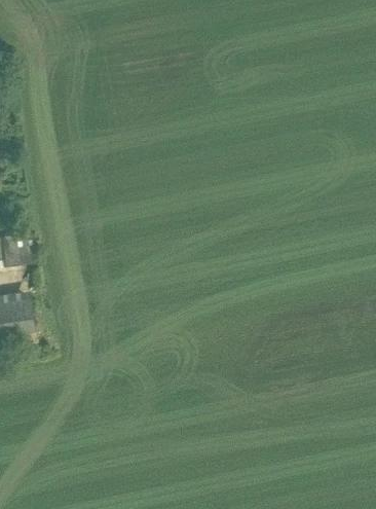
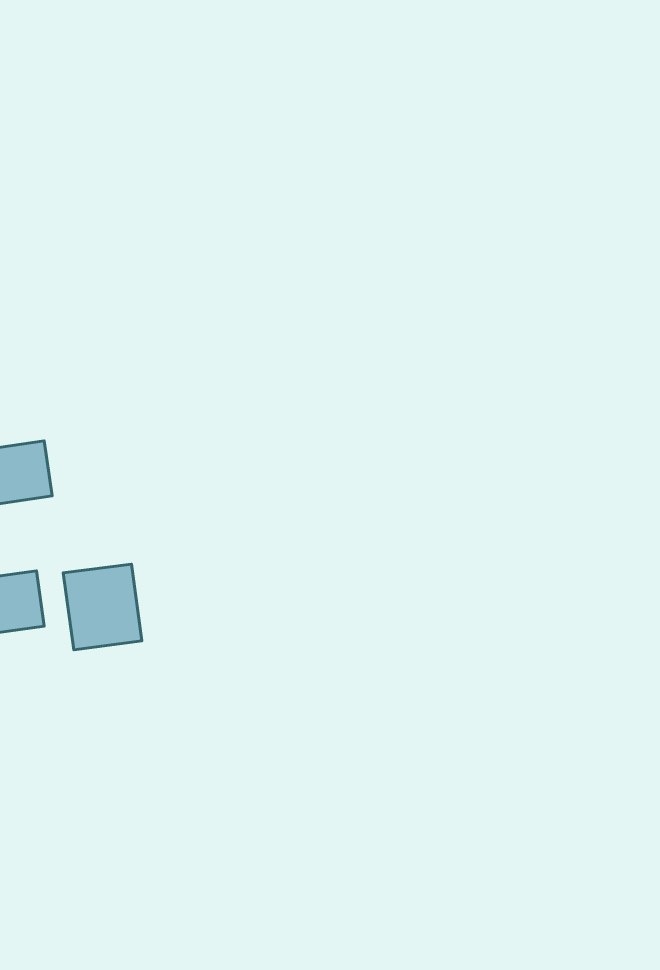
building: none -> [63,564,142,650]

